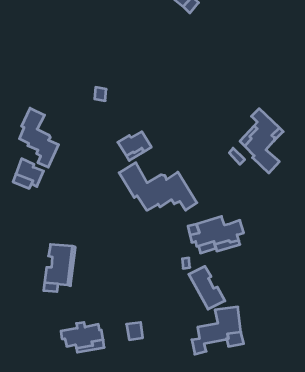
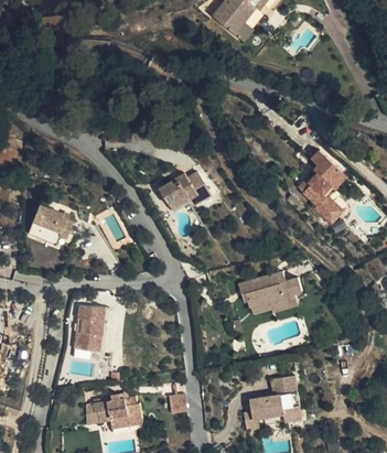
building: [19,108,59,167] -> none
building: [119,163,197,210] -> none
building: [189,266,225,309] -> none

